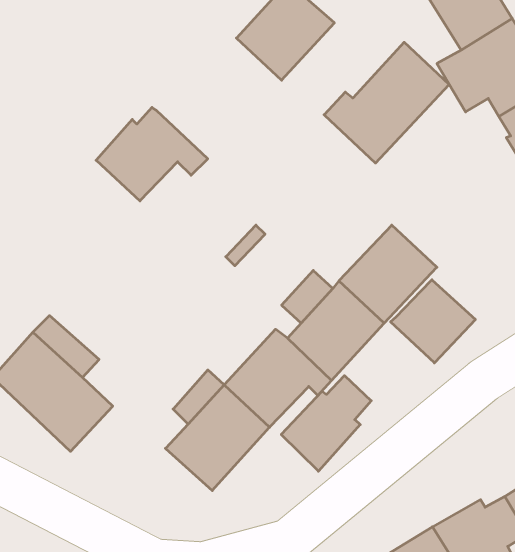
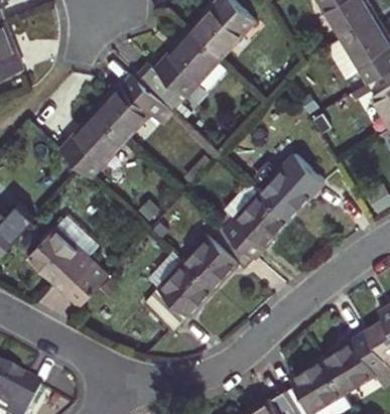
building: [324,42,449,163] -> [137,30,221,111]
building: none -> [61,112,126,177]
building: [391,280,475,363] -> none
building: [281,376,371,471] -> none

